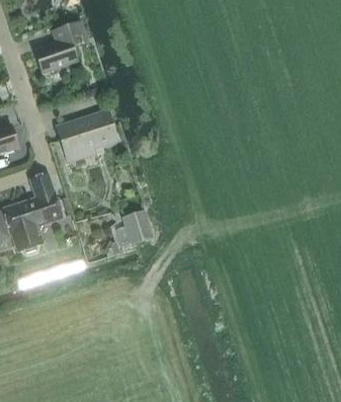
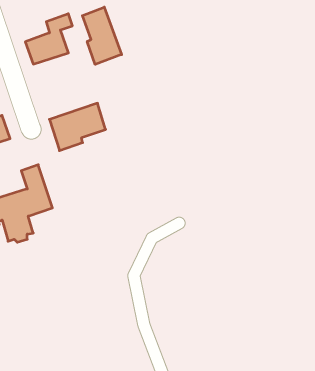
building: none -> [82,7,122,64]
building: [121,211,152,246] -> none

